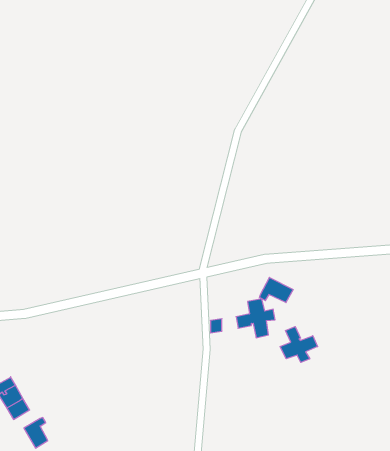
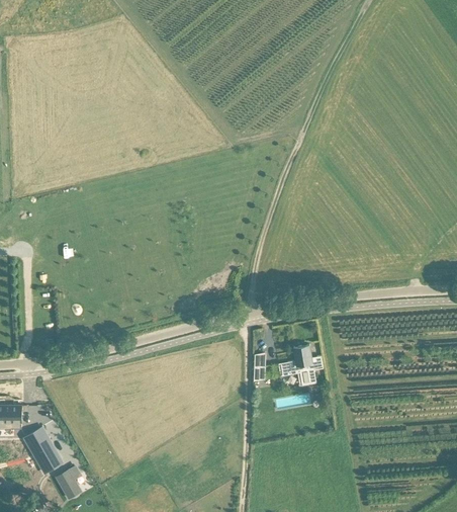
building: [260,277,293,303] -> none
building: [280,327,318,362] -> none

